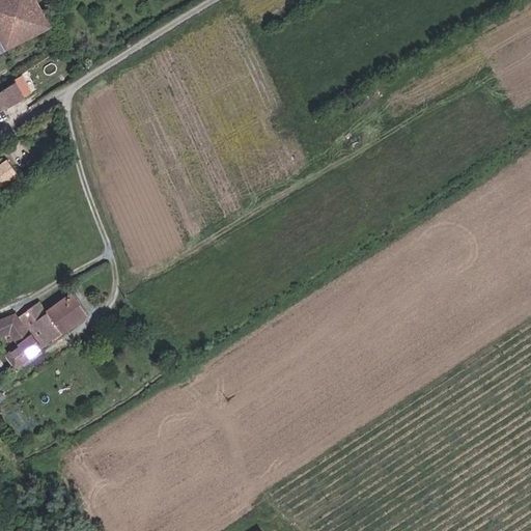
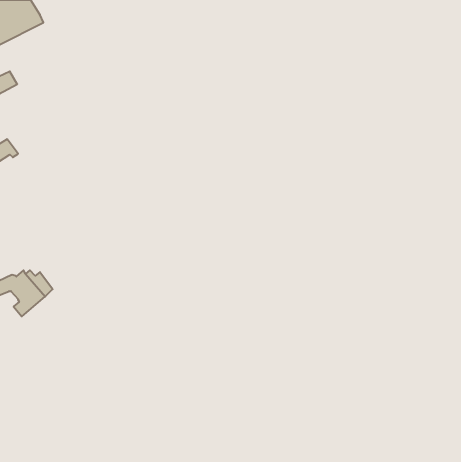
building: [46,295,83,332] -> none

